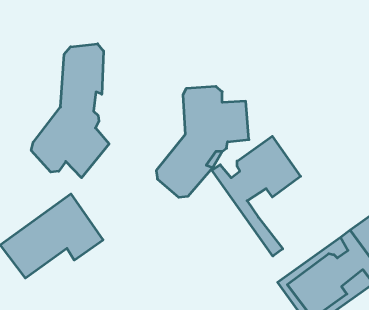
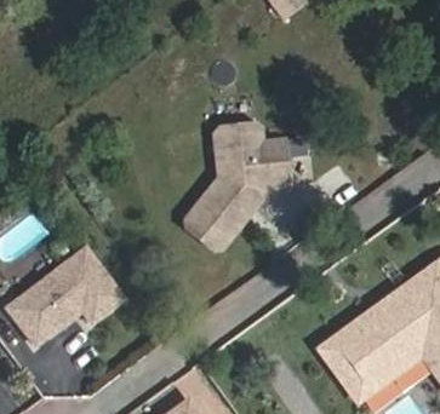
building: [31,44,109,178] -> none
building: [212,136,301,256] -> none

